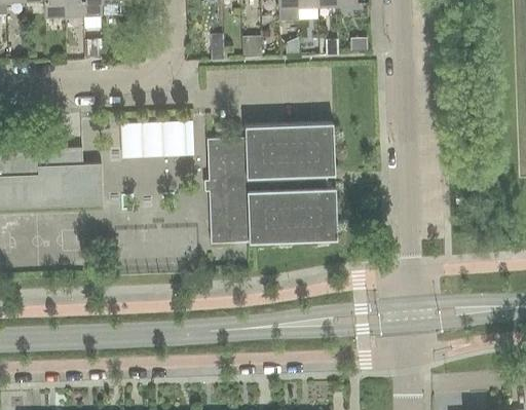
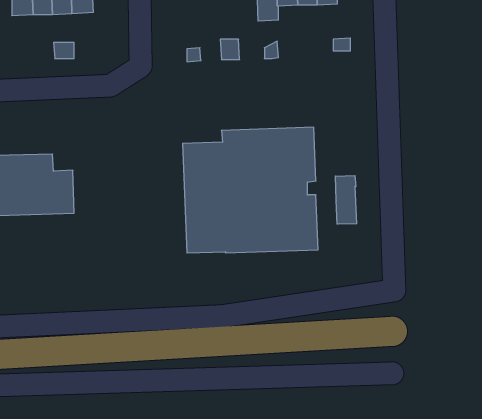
building: [118,121,192,158] -> none
building: none -> [335,176,357,224]

